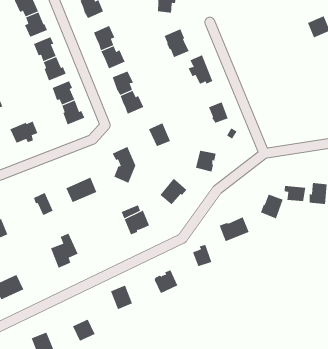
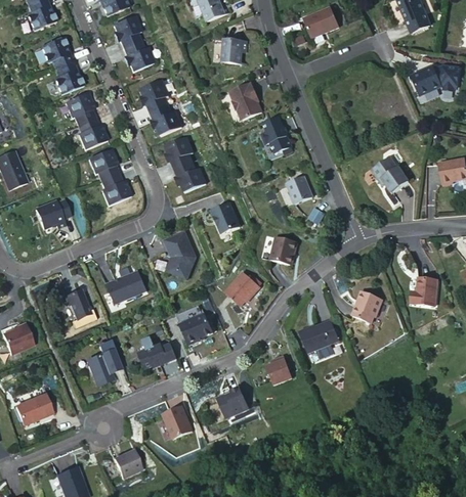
building: none -> [373,156,408,192]
building: [284,185,306,202] -> none
building: none -> [137,343,175,368]

